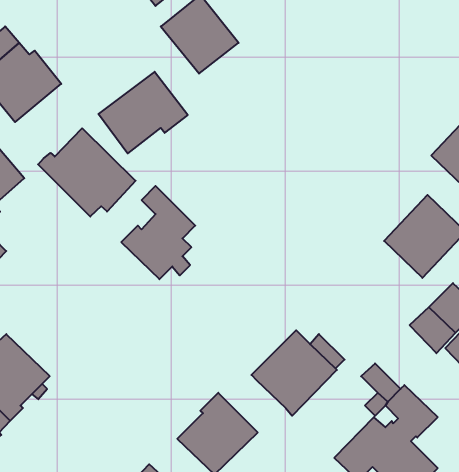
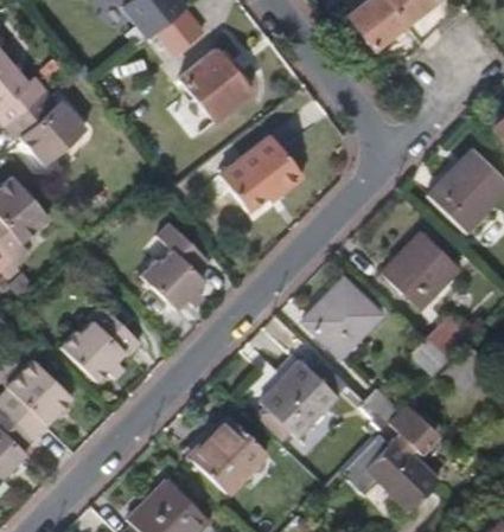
building: [98,72,188,153] -> [218,135,301,211]
building: [38,128,136,217] -> none
building: none -> [306,278,383,355]
building: none -> [63,307,142,383]

